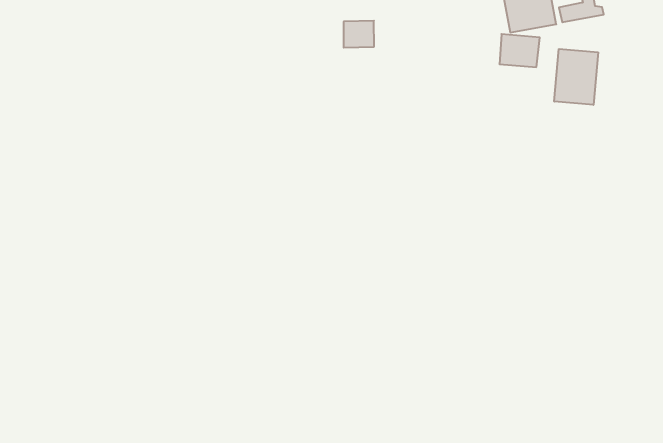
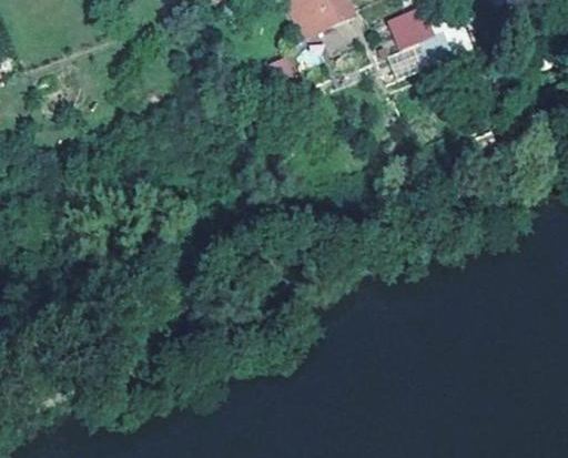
building: [554,49,598,105] -> none

